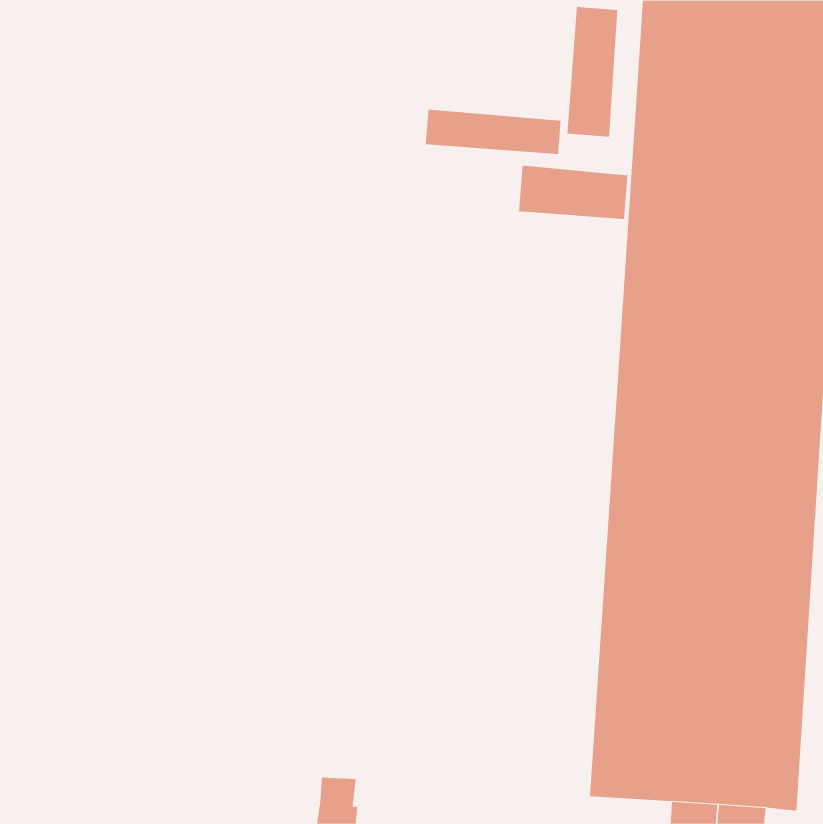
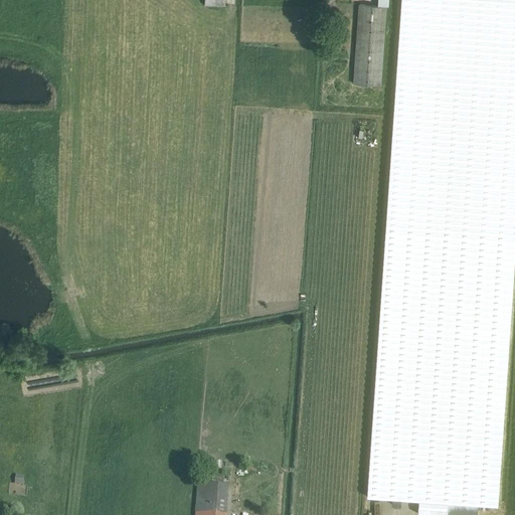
building: [425,109,561,155] -> none
building: [519,165,628,220] -> none

